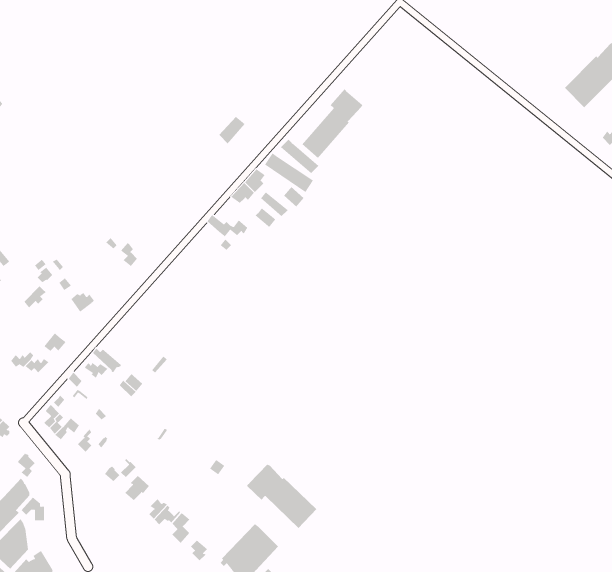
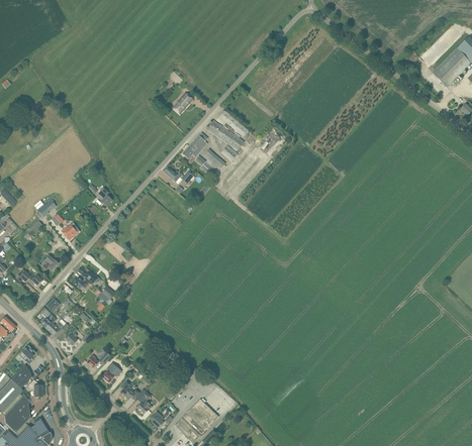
building: [301,88,363,159] -> none
building: [246,464,317,529] -> none

